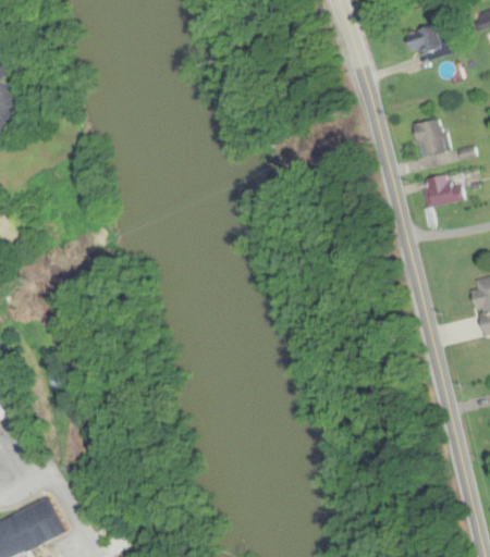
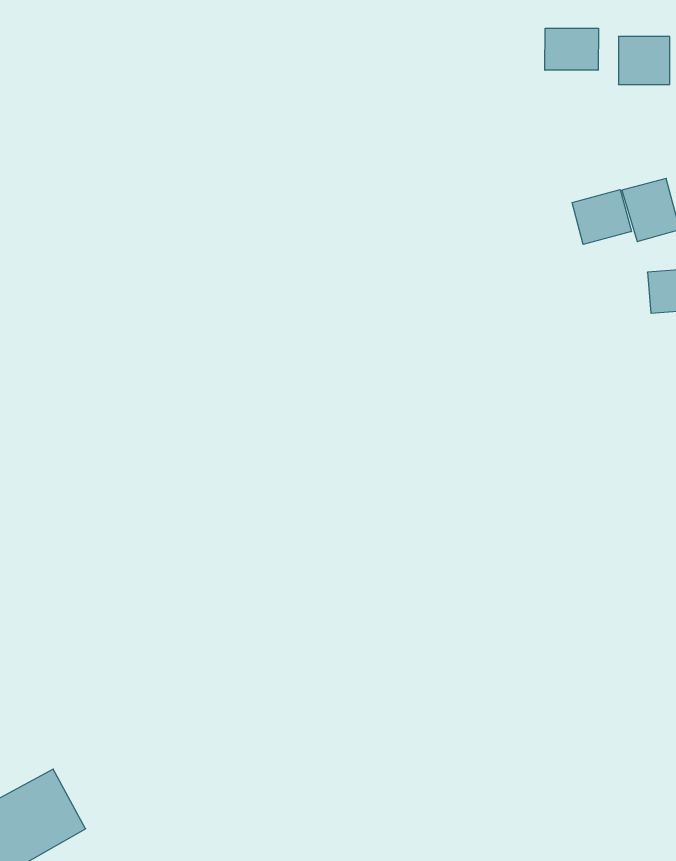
building: none -> [545,28,598,70]
building: none -> [572,190,631,244]

